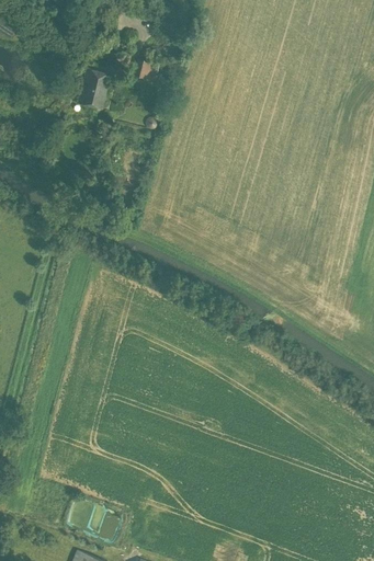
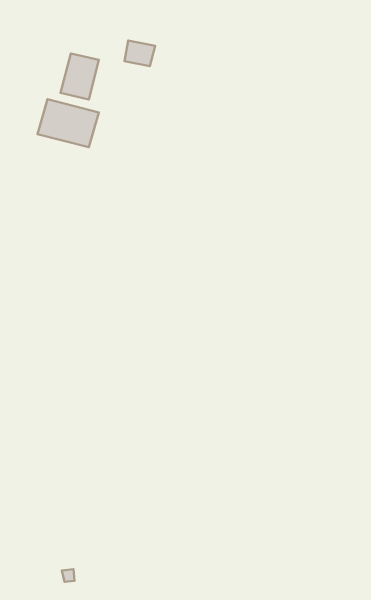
building: none -> [37,99,99,147]

